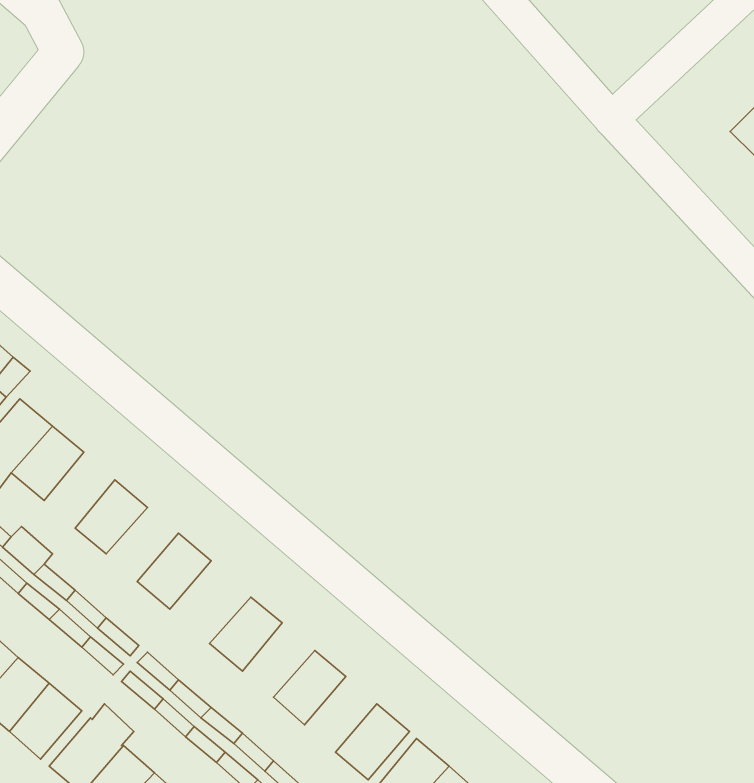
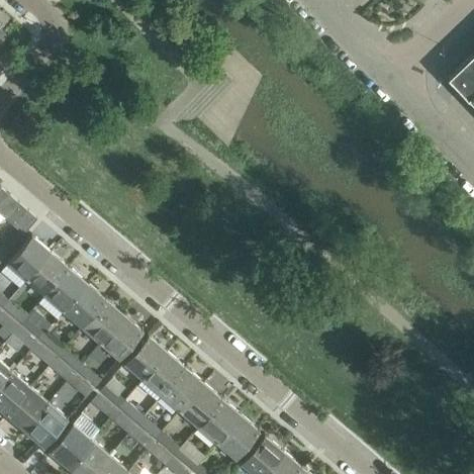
building: none -> [45,268,87,312]
building: none -> [82,300,124,344]
building: none -> [124,336,167,380]
building: none -> [162,368,204,411]
building: none -> [198,399,241,444]

